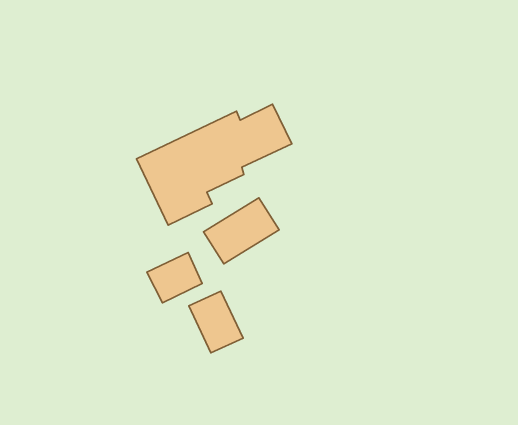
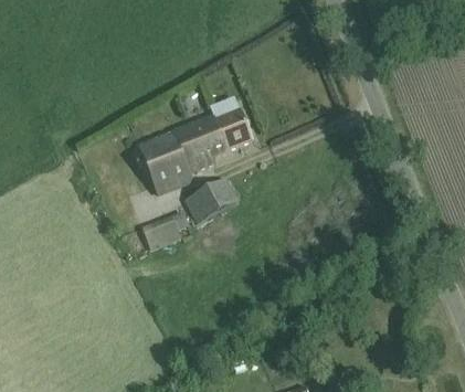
building: [189,291,243,353] -> none

